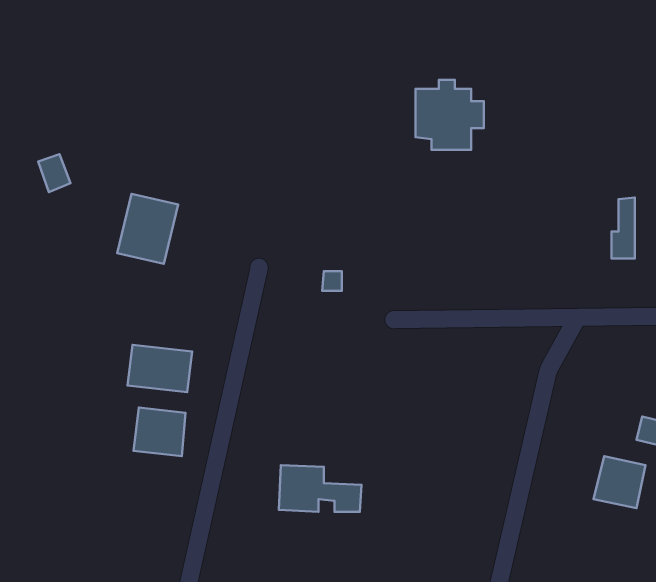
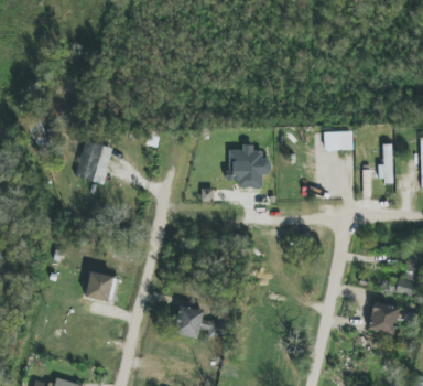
building: [415,80,484,150] -> [229,144,271,187]
building: none -> [325,131,354,150]
building: [127,345,192,392] -> none

